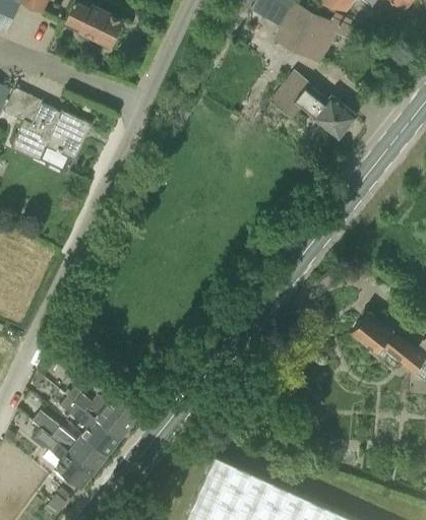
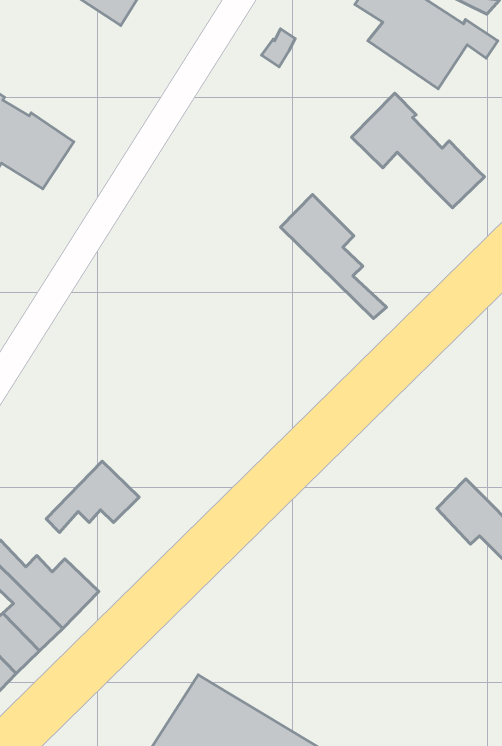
building: none -> [280,194,386,318]
building: none -> [46,461,139,533]

